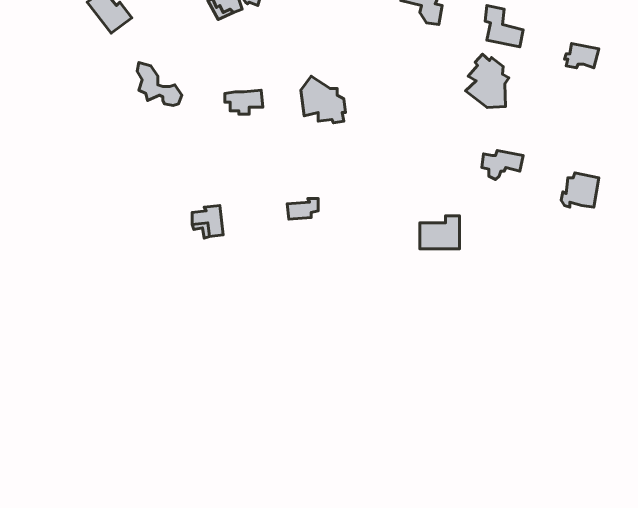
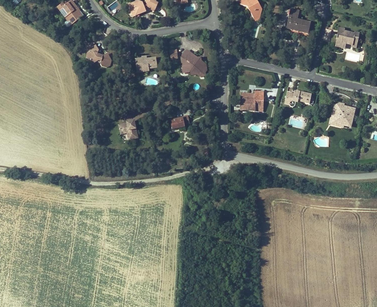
building: [465,54,509,108] -> none
building: [420,216,459,249] -> [239,91,262,110]

